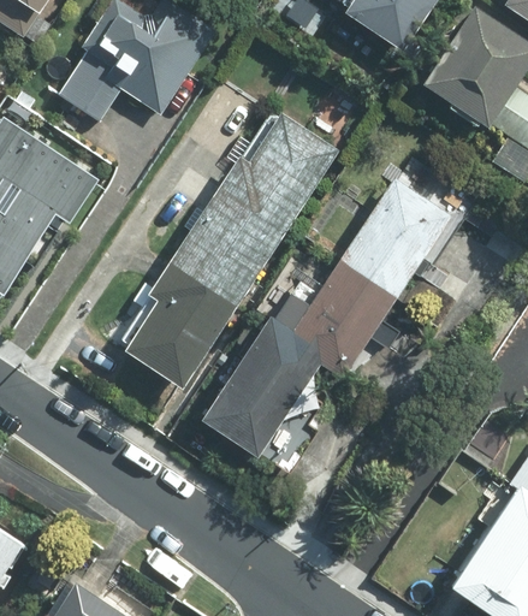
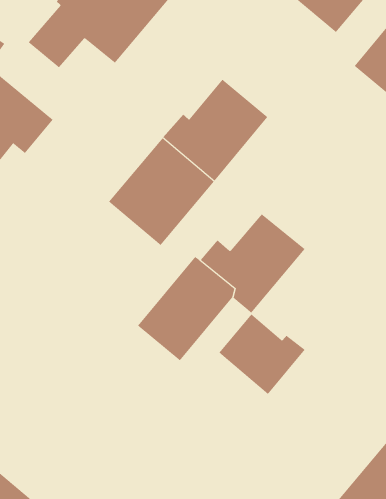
building: [342,180,447,295] -> none
building: [127,266,232,386] -> none
building: none -> [219,314,306,395]

